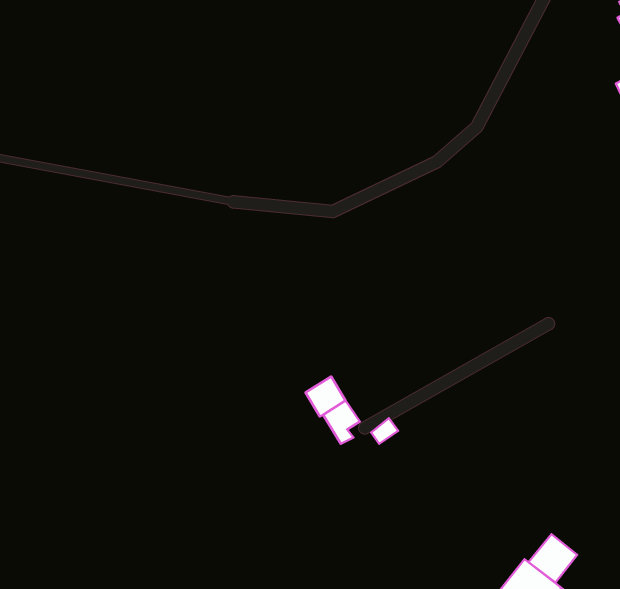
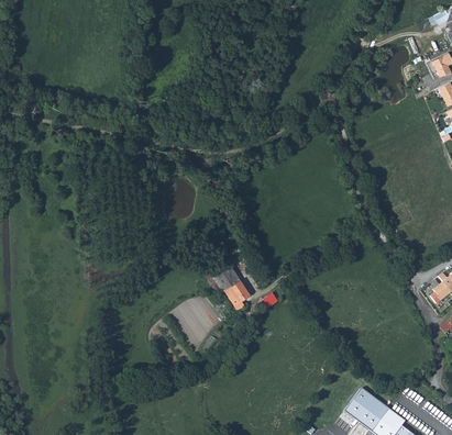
building: [528,534,577,583] -> none

